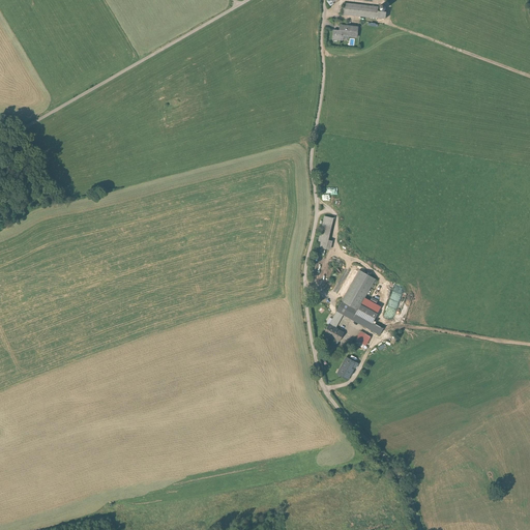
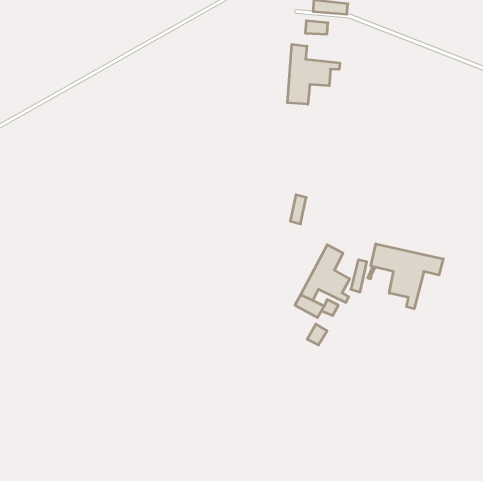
building: none -> [287,44,340,104]
building: none -> [371,244,443,309]

